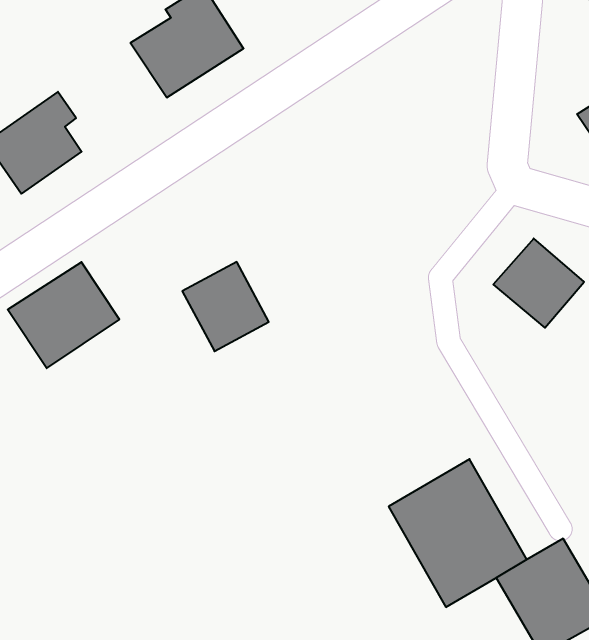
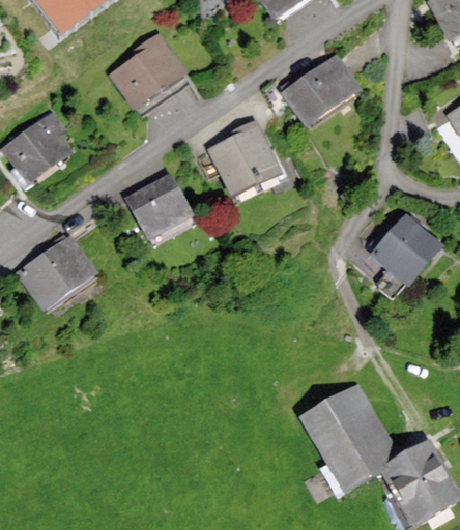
building: none -> [284,56,358,124]
building: none -> [210,124,282,198]
building: [182,262,269,351] -> [128,177,193,243]

